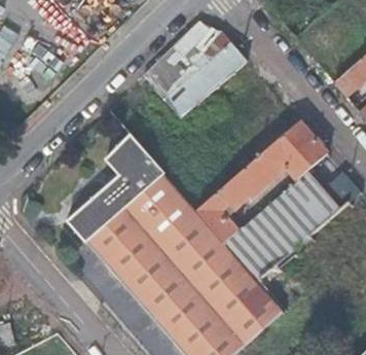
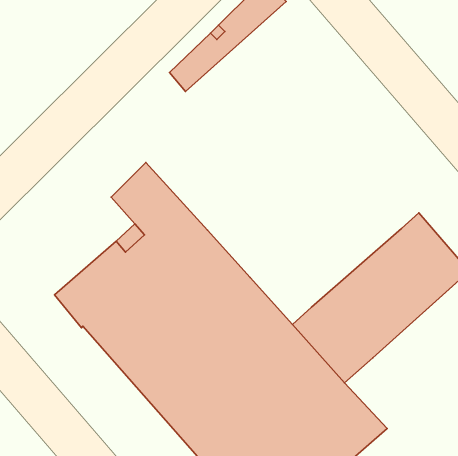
building: [166,42,246,118] -> none
building: [197,119,327,242] -> none

